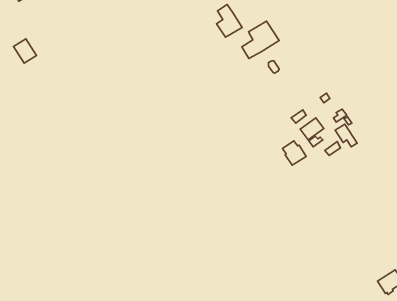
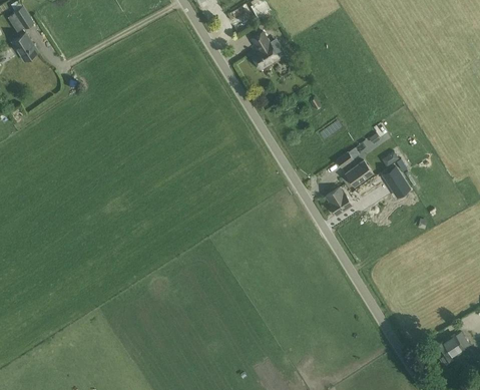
building: [242,21,279,59] -> none
building: [14,39,37,63] -> [11,32,37,60]

